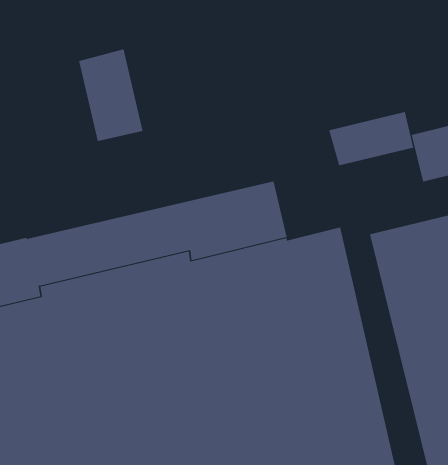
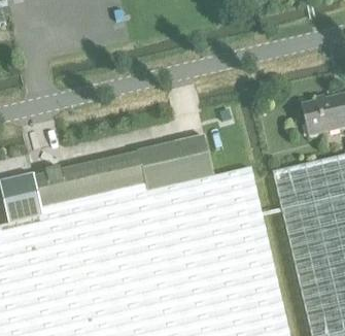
building: [79,48,143,142] -> none
building: [329,111,414,166] -> none

